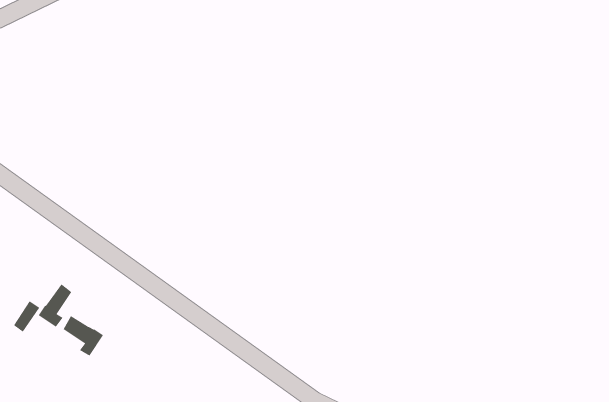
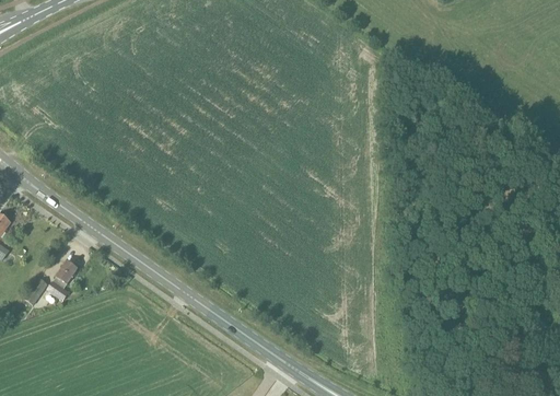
building: [63,315,104,356] -> none

